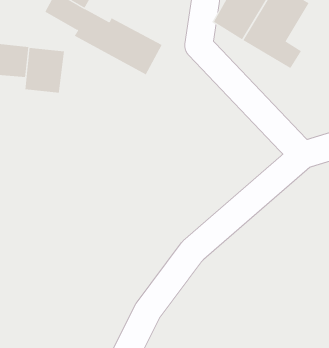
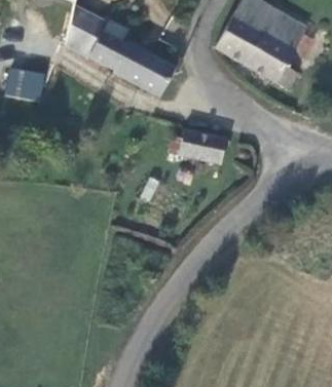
building: [25,47,64,93] -> none
building: none -> [164,127,225,162]

